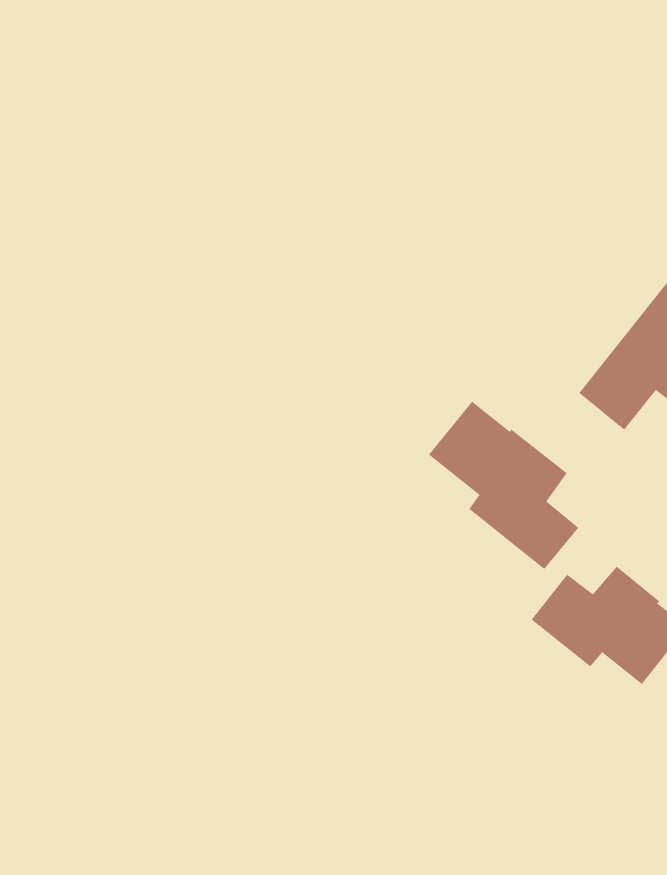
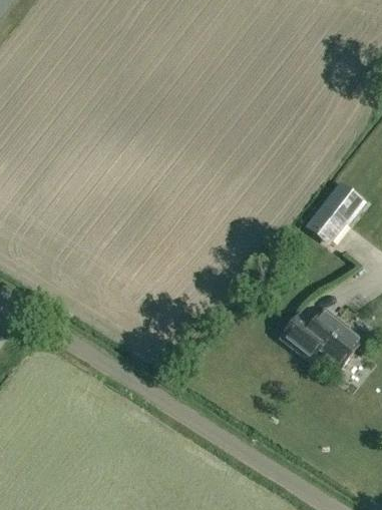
building: [428,401,579,570] -> none

